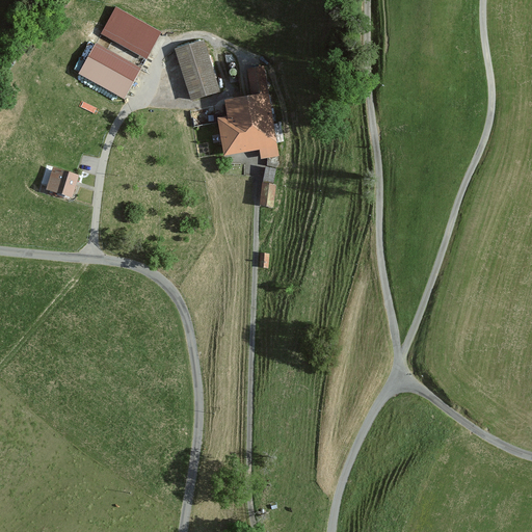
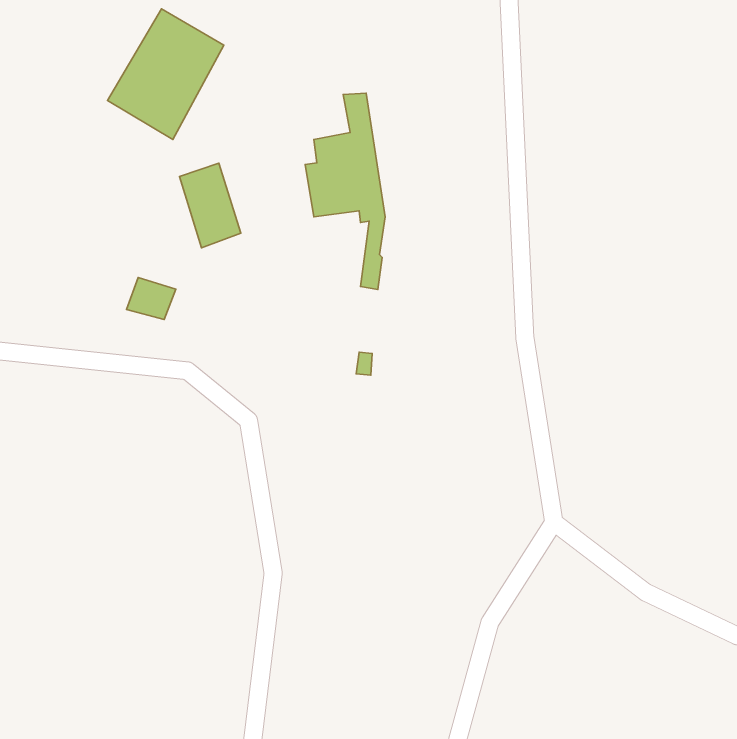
building: [174,39,217,100] -> [180,163,241,248]
building: [44,166,79,196] -> [126,277,176,320]

